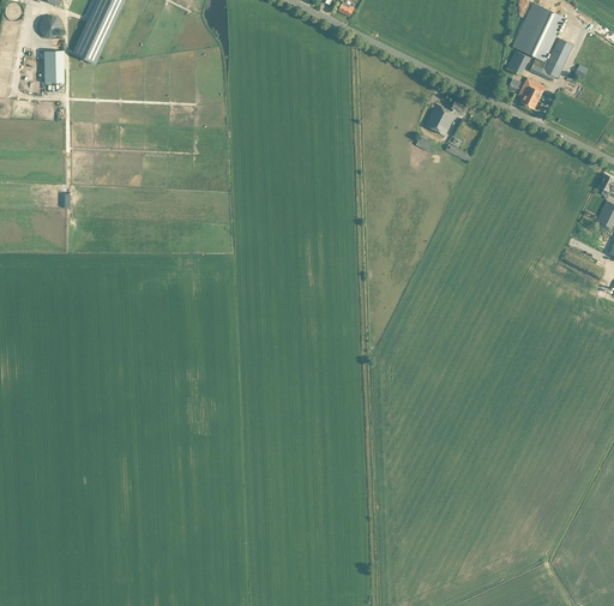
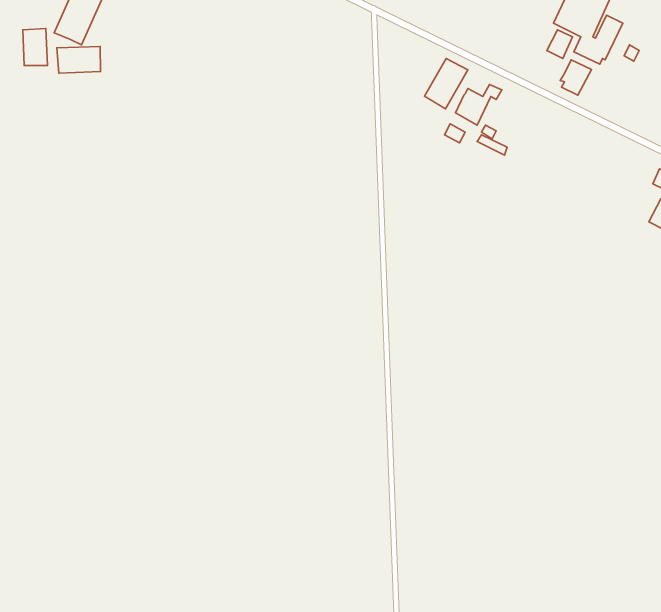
building: none -> [57,46,100,73]
building: none -> [425,59,468,109]

